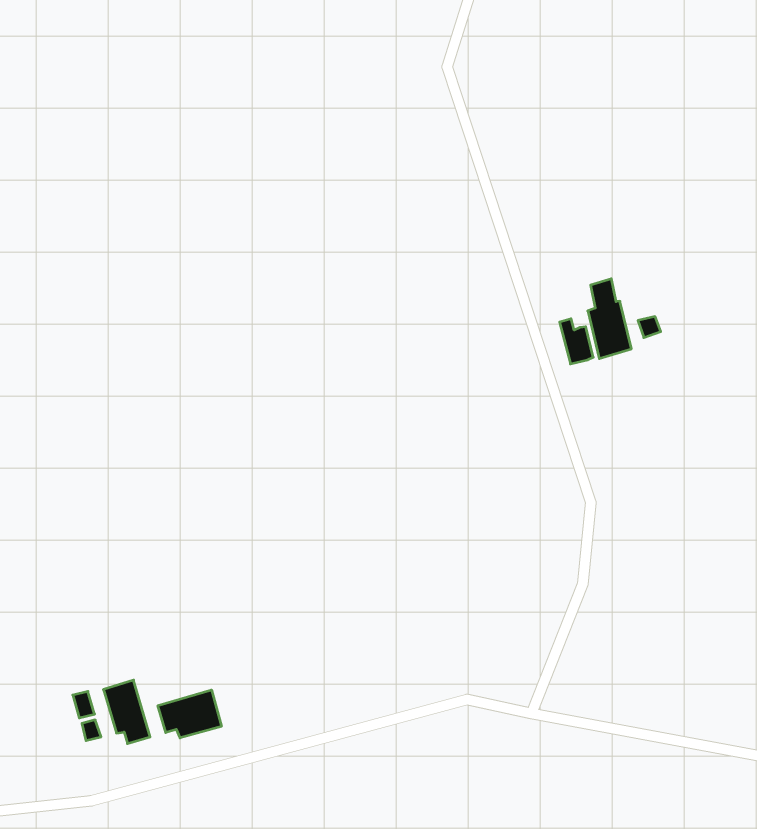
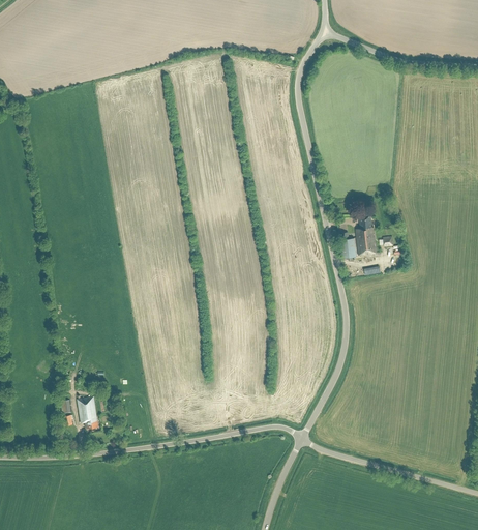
building: [158,690,221,738] -> none

